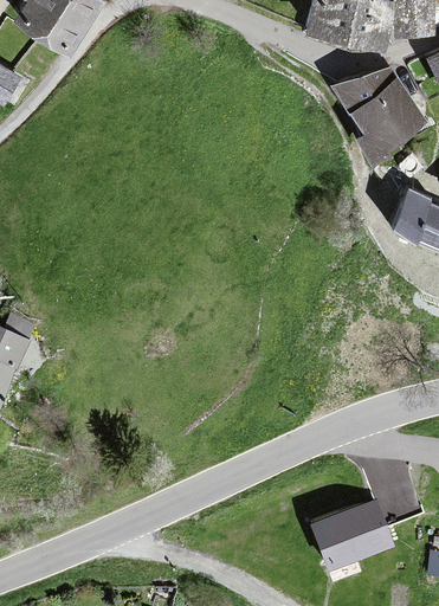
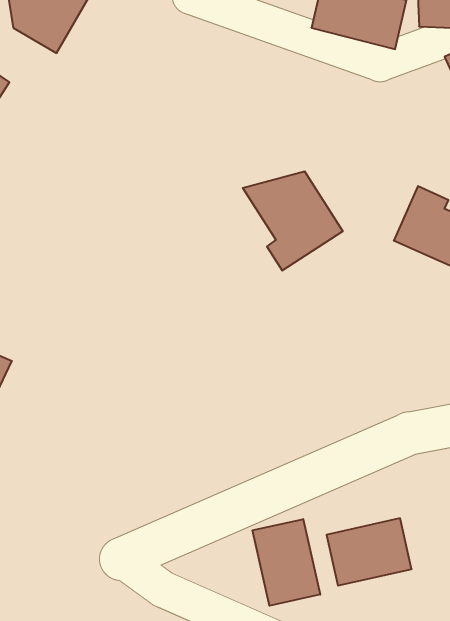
building: [334,69,427,161] -> [243,172,343,270]
building: none -> [253,519,320,606]

